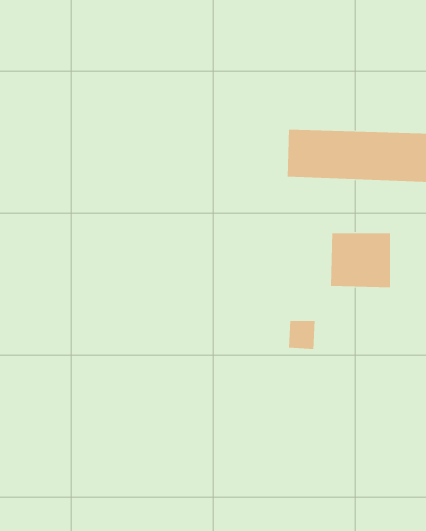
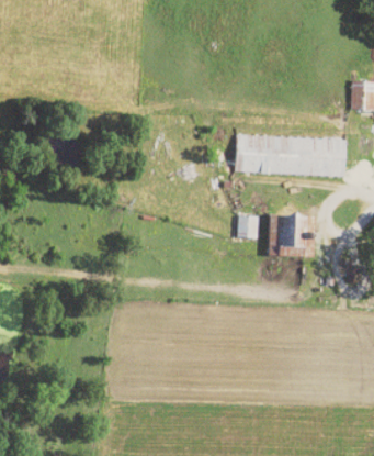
building: [288,321,316,349] -> [238,215,259,237]

